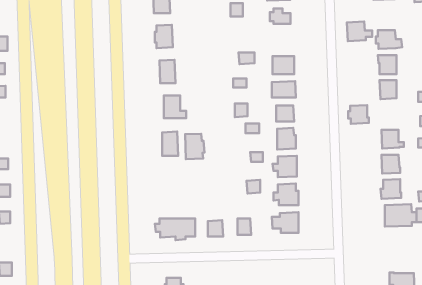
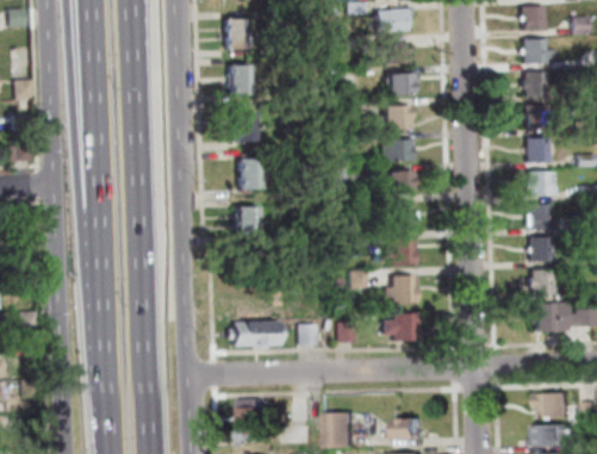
building: [347,21,372,41] -> [522,37,555,63]
building: none -> [385,71,417,94]
building: [348,105,369,124] -> [524,169,552,194]
building: [185,134,204,159] -> none

